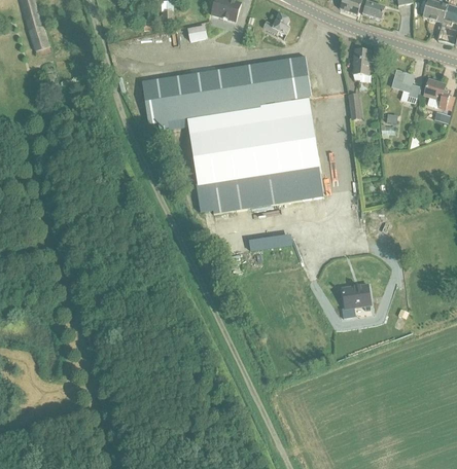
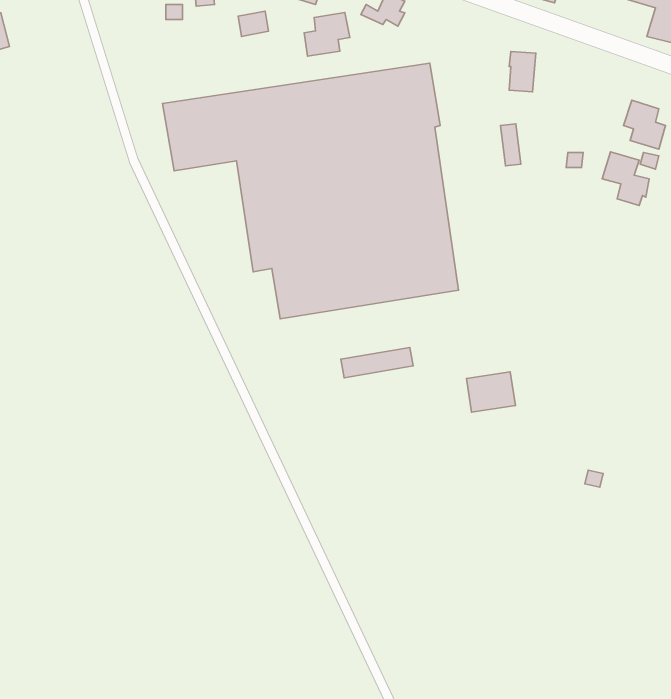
building: none -> [304,13,350,56]
building: [391,70,420,103] -> [602,152,649,206]
building: [341,284,371,309] -> [467,372,515,412]

